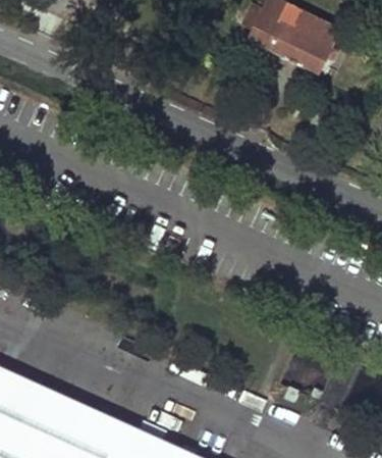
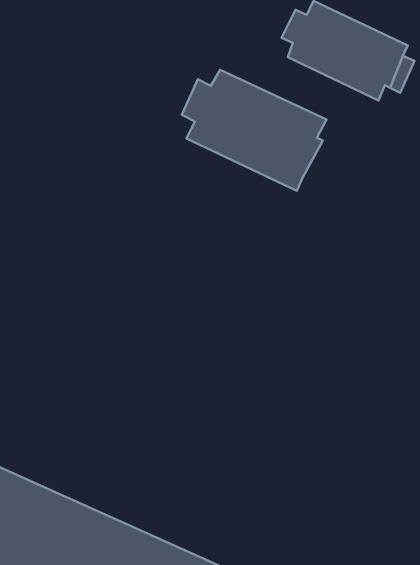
building: none -> [182,70,326,191]

